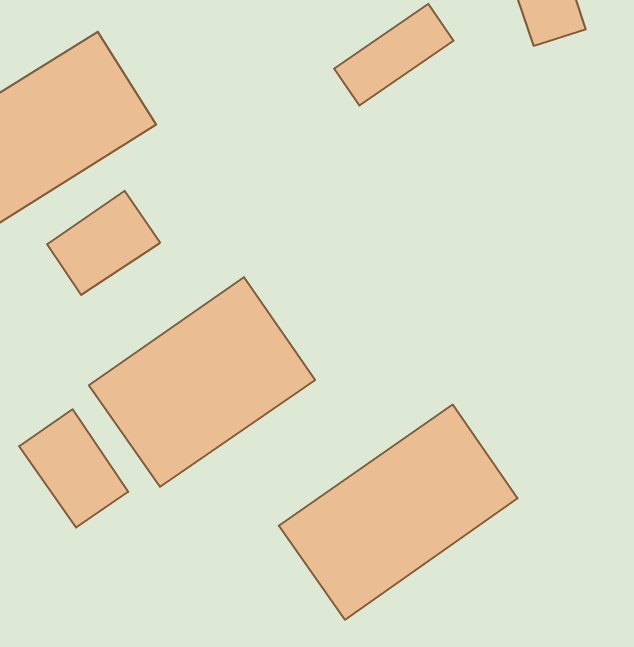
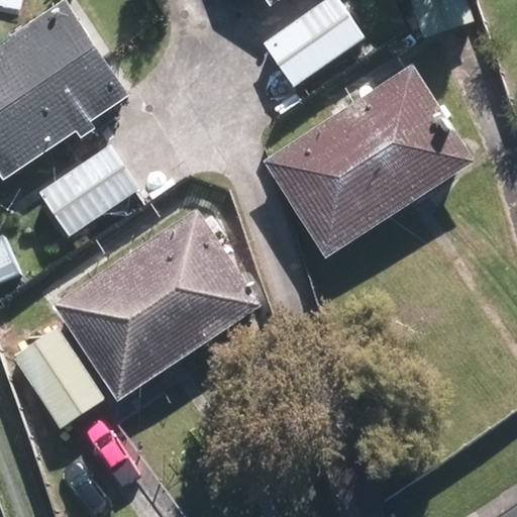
building: none -> [276,76,467,244]
building: [279,405,518,620] -> none

